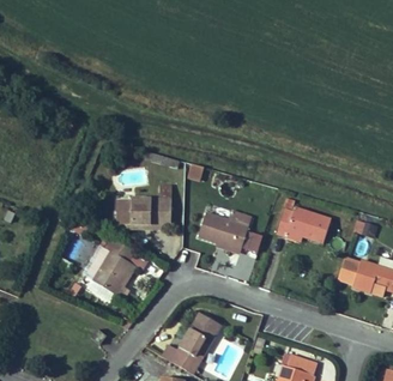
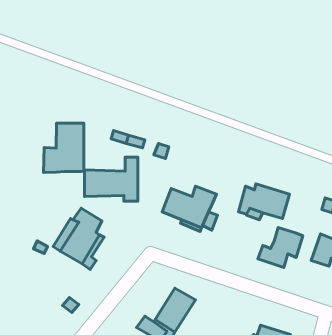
building: none -> [44,123,84,173]
building: none -> [258,227,303,268]

